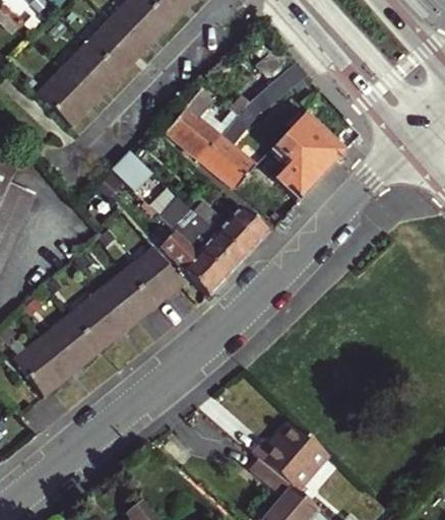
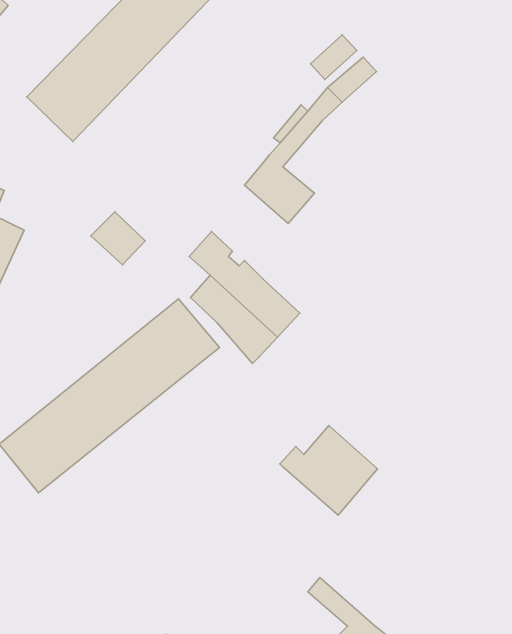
building: [167,87,221,159] -> none
building: [269,114,343,201] -> none
building: [110,149,151,190] -> [91,212,145,265]
building: [216,205,268,258] -> none
building: [258,430,333,499] -> [280,425,378,515]

